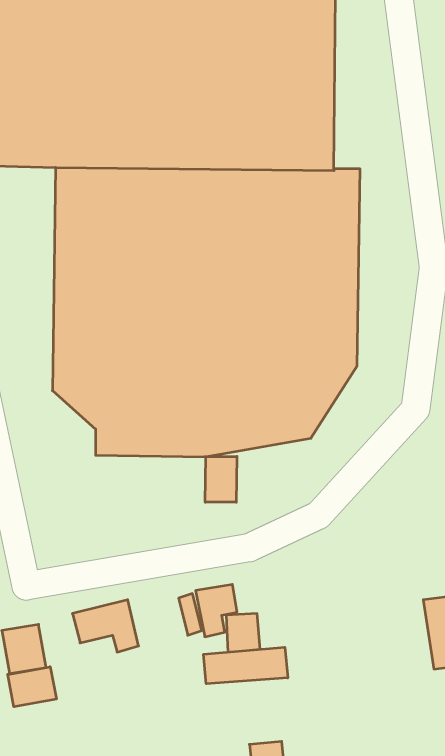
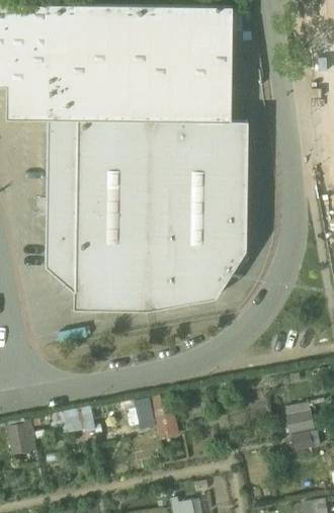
building: [205,456,237,502] -> none
building: [204,647,288,684] -> none
building: [8,667,56,707] -> none

